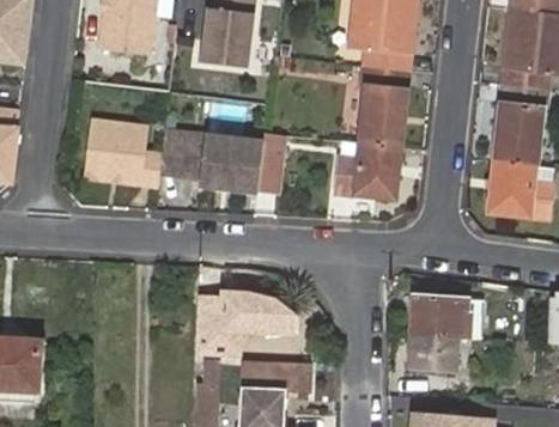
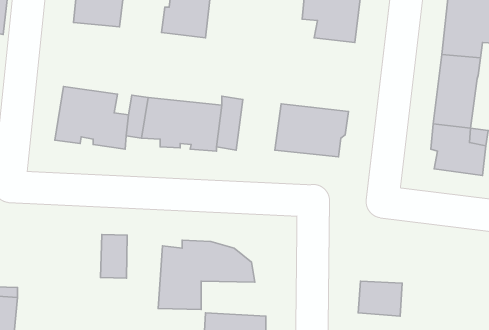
building: [359,68,407,148] -> none
building: none -> [100,235,127,278]
building: [413,294,481,337] -> none

